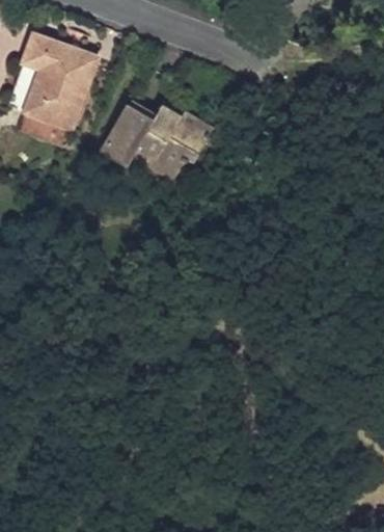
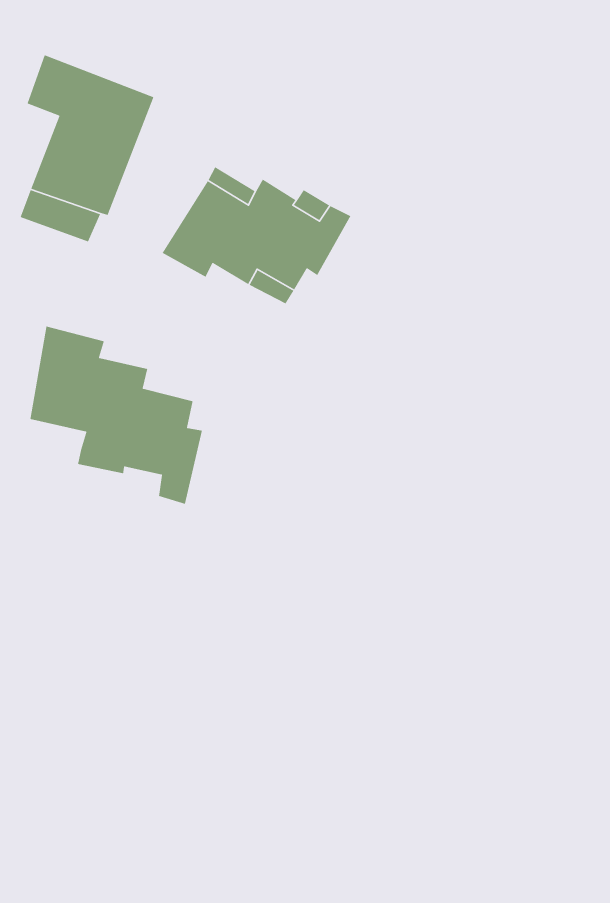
building: none -> [29,325,203,505]

